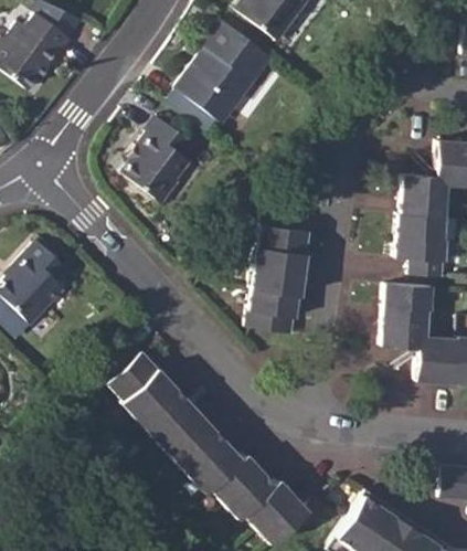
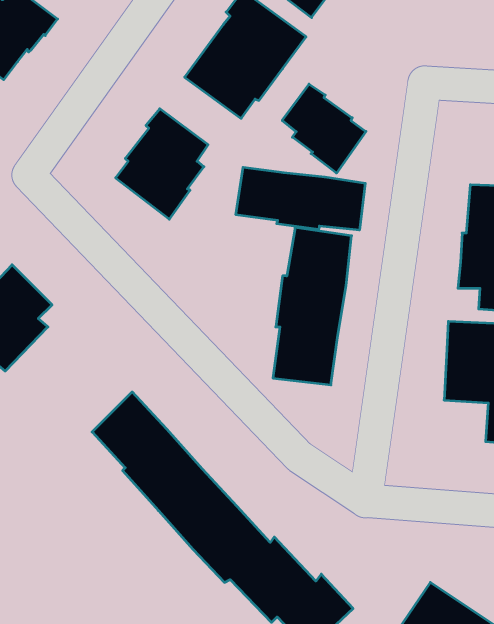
building: none -> [282,84,366,173]
building: none -> [236,167,365,230]

